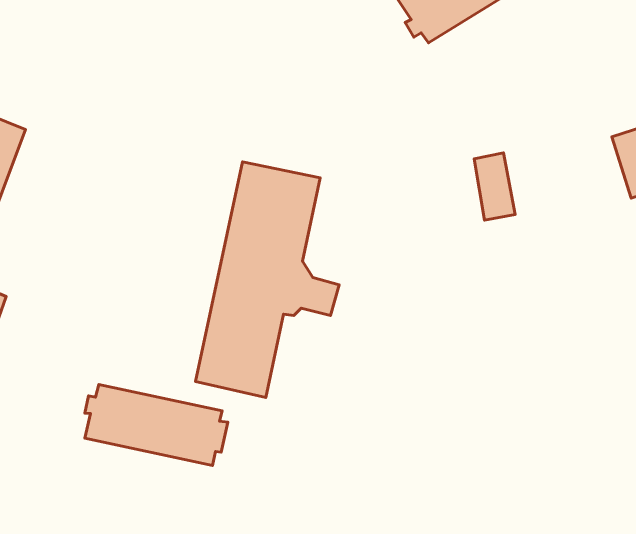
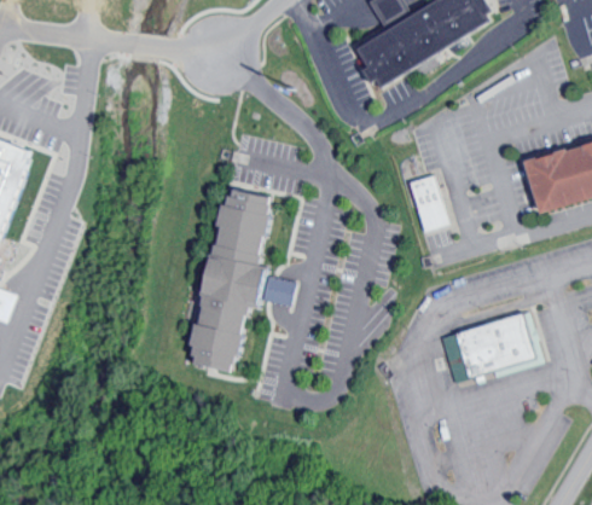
building: none -> [440,315,533,385]
building: [85,385,228,465] -> none

